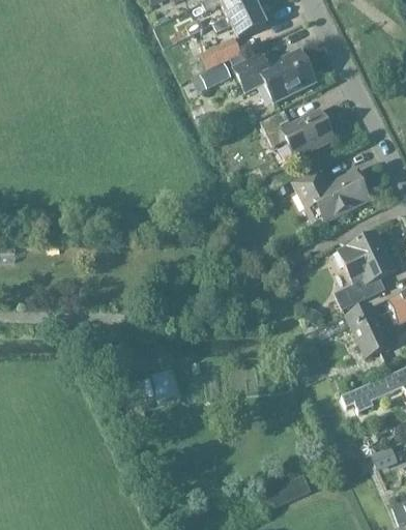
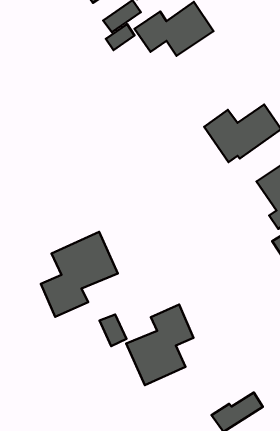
building: [260,109,334,156] -> none
building: none -> [41,232,118,317]
building: none -> [126,305,194,385]

